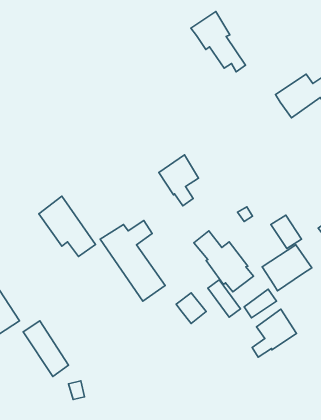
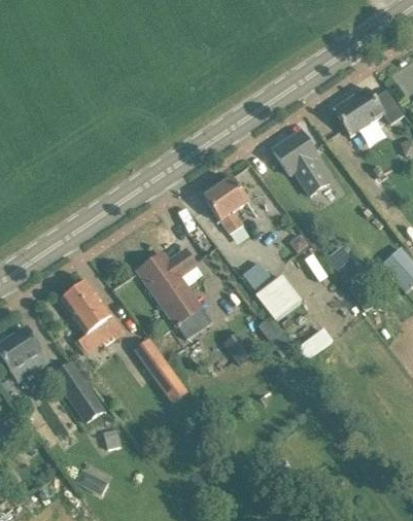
building: [191,12,246,72] -> [273,131,334,198]
building: [39,196,95,257] -> [60,279,123,346]
building: [262,245,312,291] -> none
building: none -> [135,338,190,401]
building: [252,309,296,357] -> none

